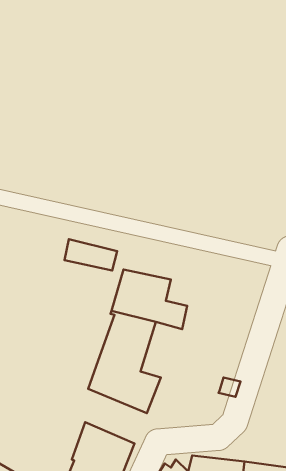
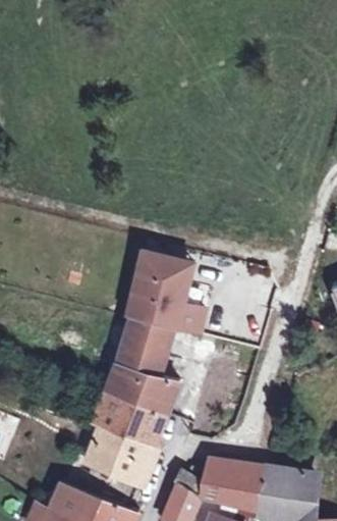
building: [65,239,117,270] -> [142,251,194,282]
building: none -> [95,393,165,448]

